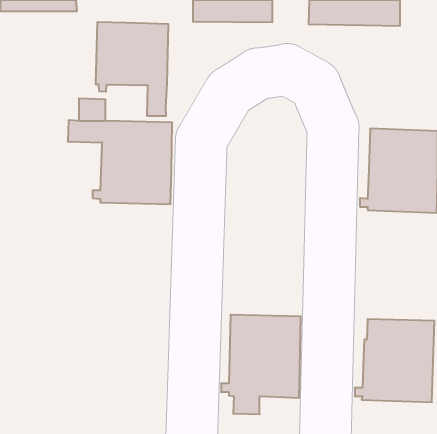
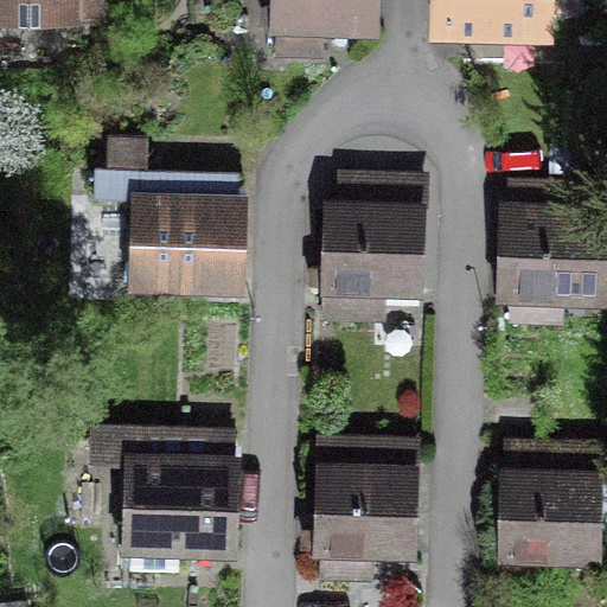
building: [96,22,168,116] -> none
building: none -> [325,179,424,319]
building: none -> [119,436,234,574]

